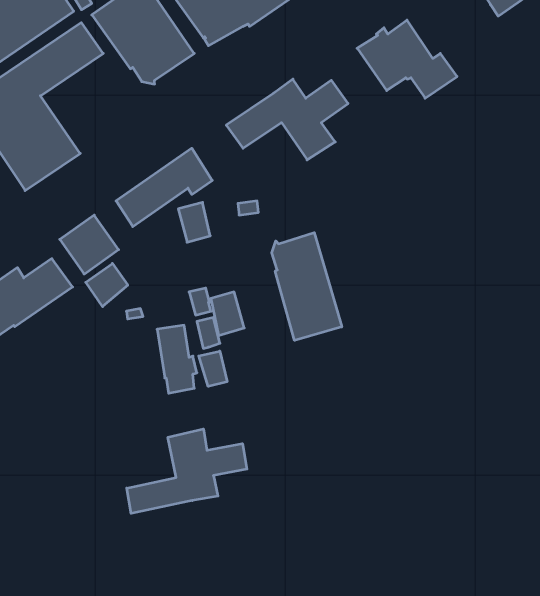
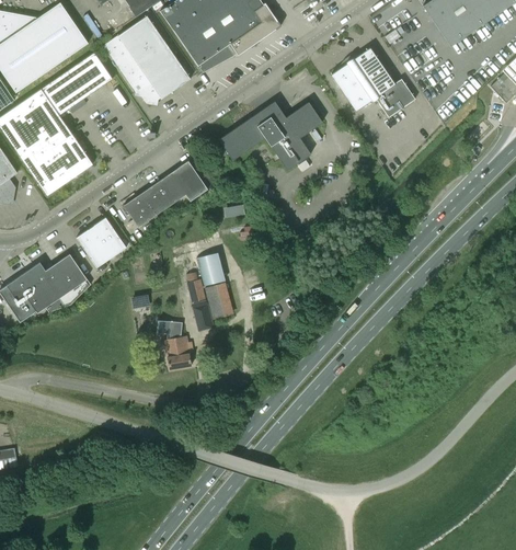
building: [178,202,210,242] -> [196,252,223,286]
building: [272,233,342,340] -> none
building: [86,263,128,307] -> none
building: [199,351,227,386] -> none
building: [127,429,247,513] -> none

